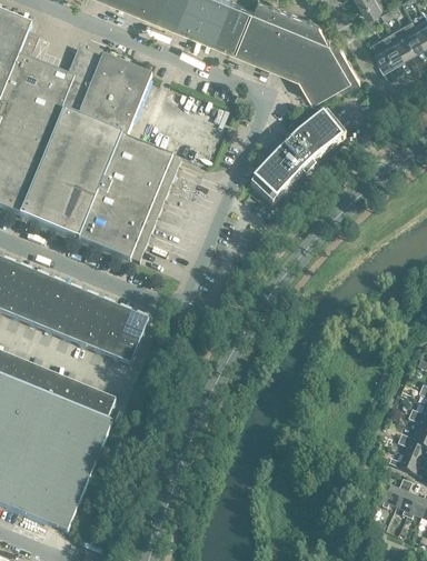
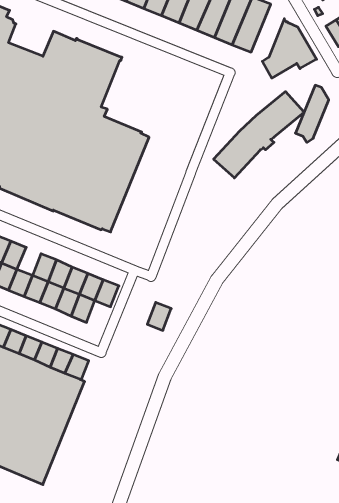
building: [289,18,325,79] -> [295,85,329,142]
building: [39,278,64,308] -> none
building: [113,334,139,364] -> [147,302,171,330]

